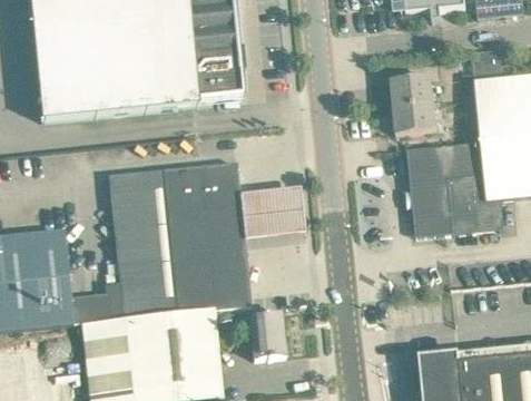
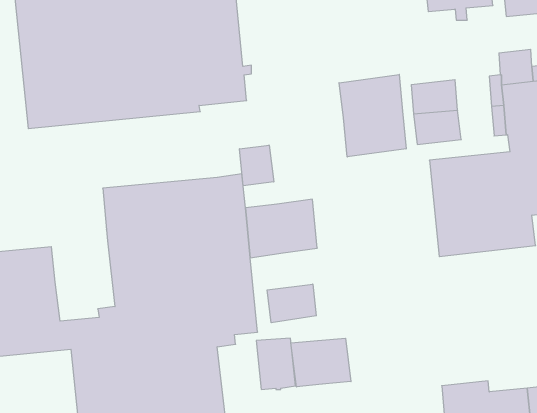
building: none -> [339,74,406,157]
building: none -> [240,145,274,186]
building: none -> [267,284,316,323]
building: none -> [291,338,351,387]

